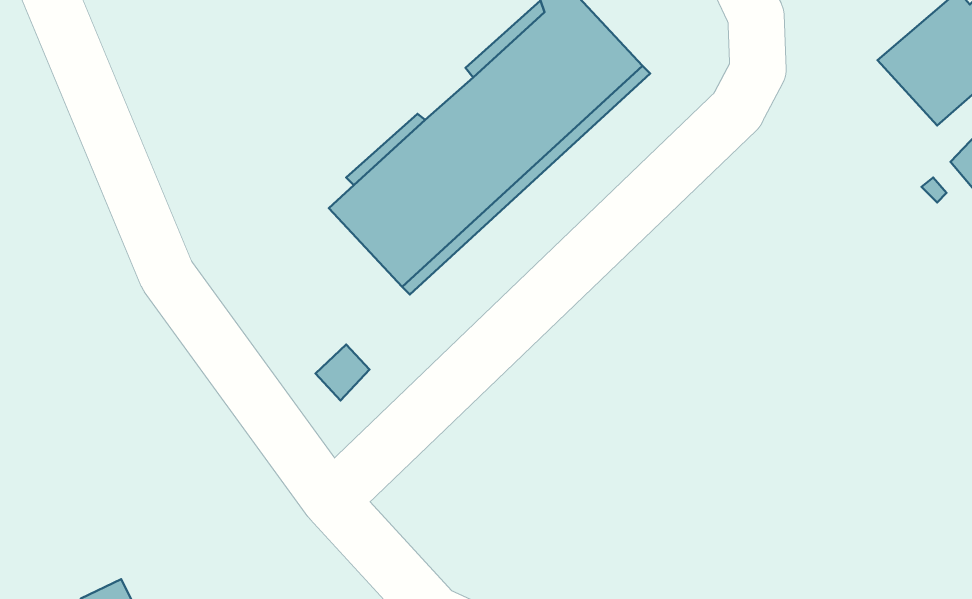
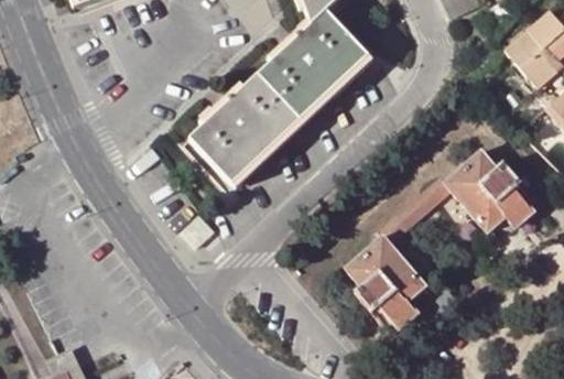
building: none -> [347,150,532,326]

